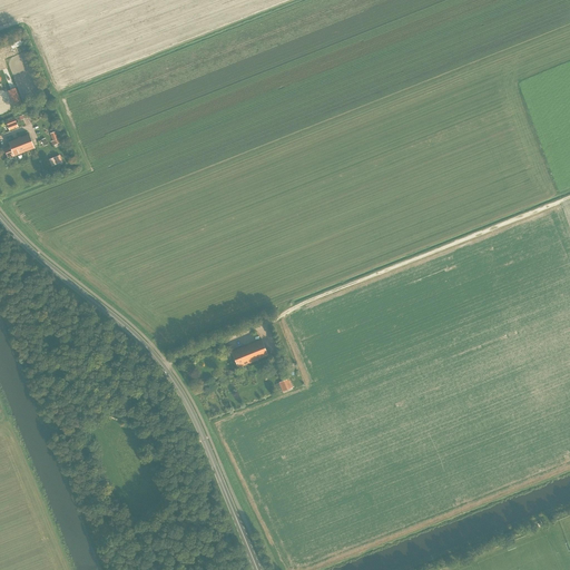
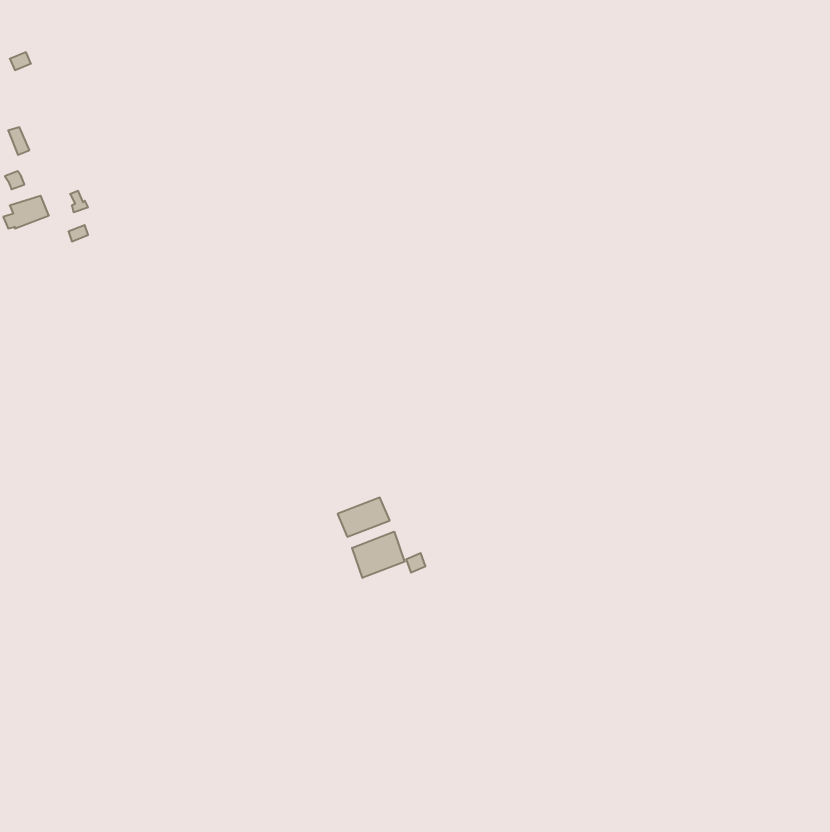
building: none -> [352,532,405,578]

